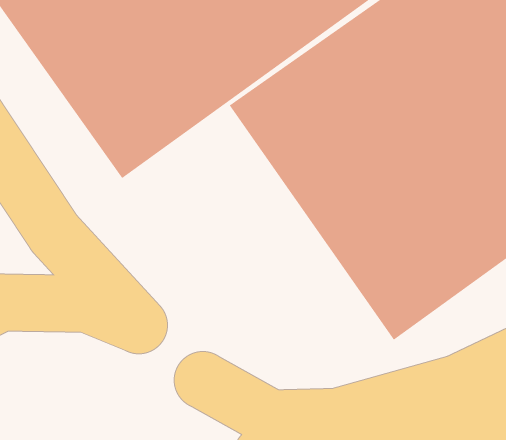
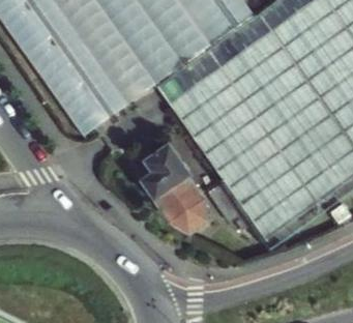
building: none -> [145,149,212,238]

